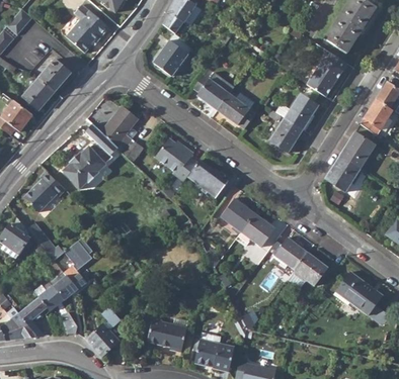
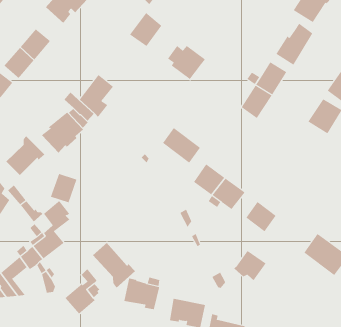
building: [218,96,256,130] -> none
building: [156,139,198,183] -> none
building: [326,156,362,192] -> none
building: none -> [50,173,77,203]
building: [294,254,328,286] -> [234,250,266,281]
building: none -> [92,242,136,288]

